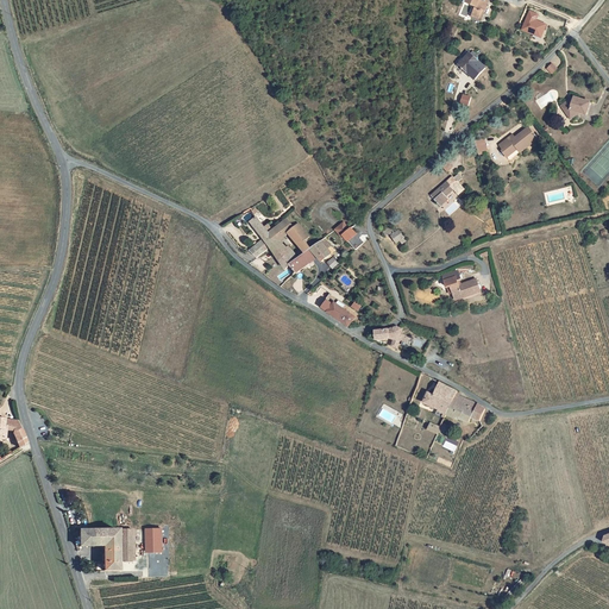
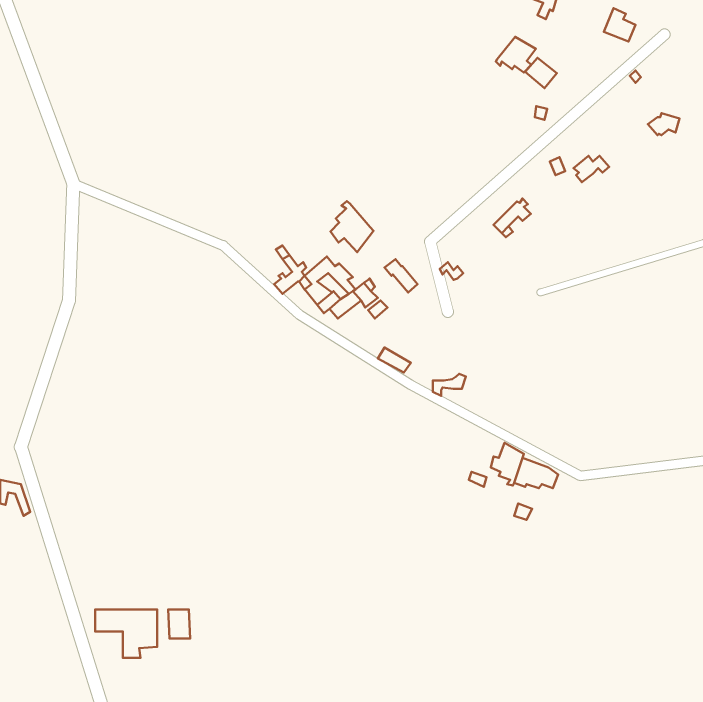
building: none -> [496,37,536,73]
building: none -> [330,201,374,252]
building: [442,268,479,297] -> none

